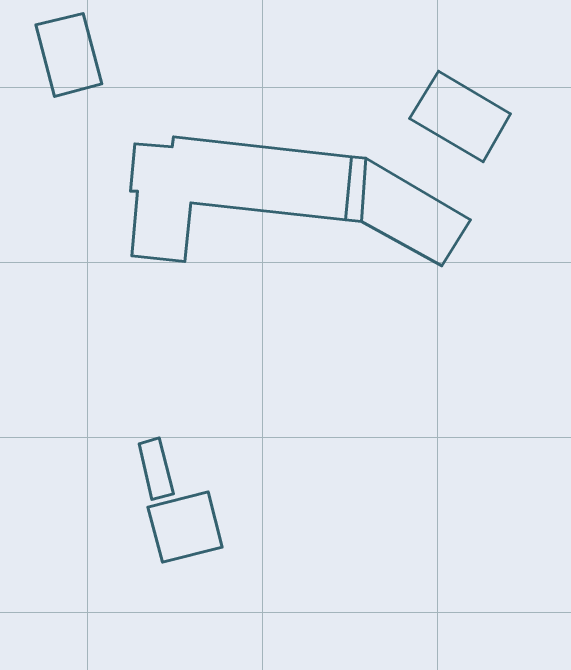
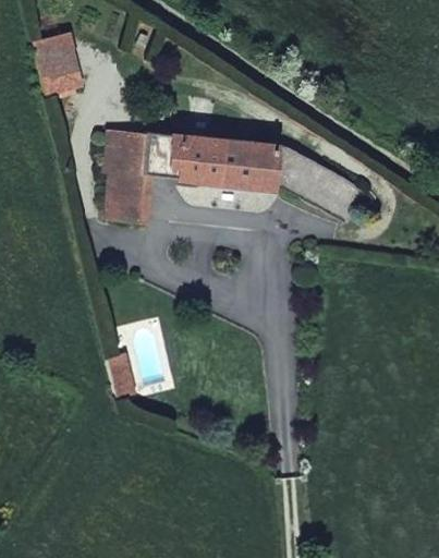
building: [410,71,510,162] -> none
building: [148,492,222,562] -> none

